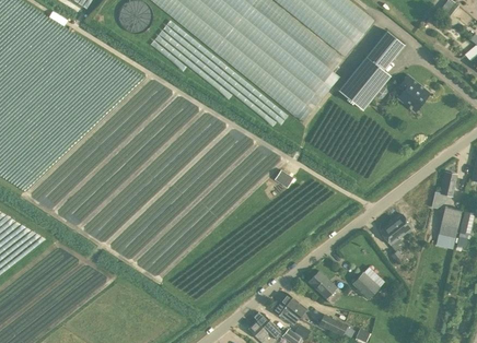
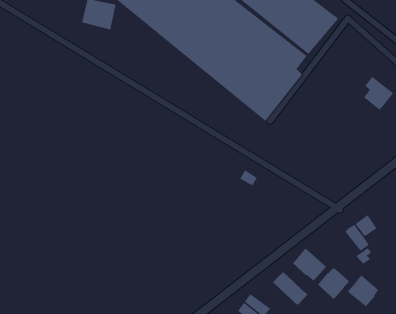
building: [338,31,404,110] -> none
building: none -> [292,247,327,281]
building: none -> [347,275,379,307]

